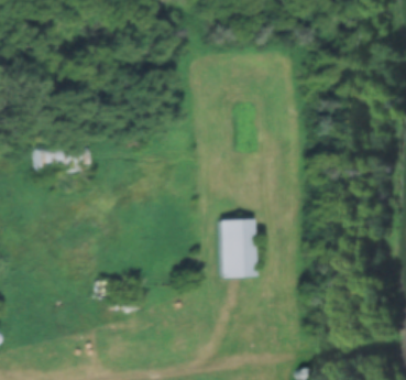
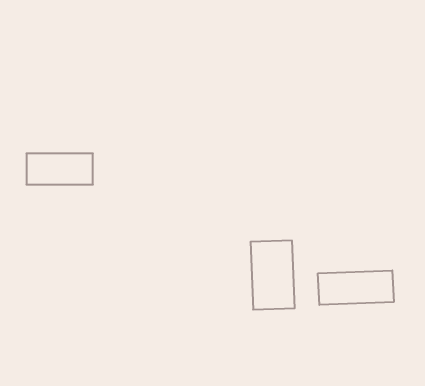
building: none -> [318,270,394,305]

